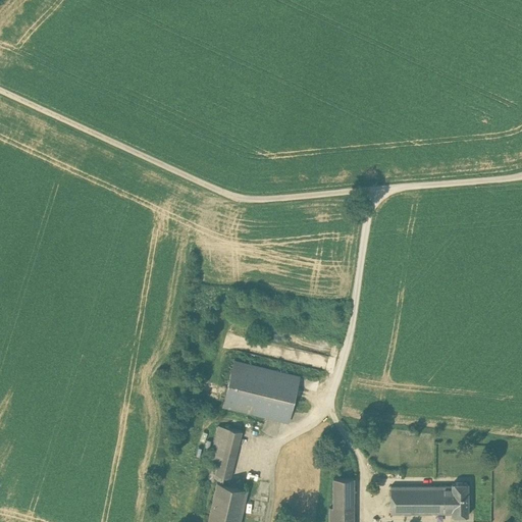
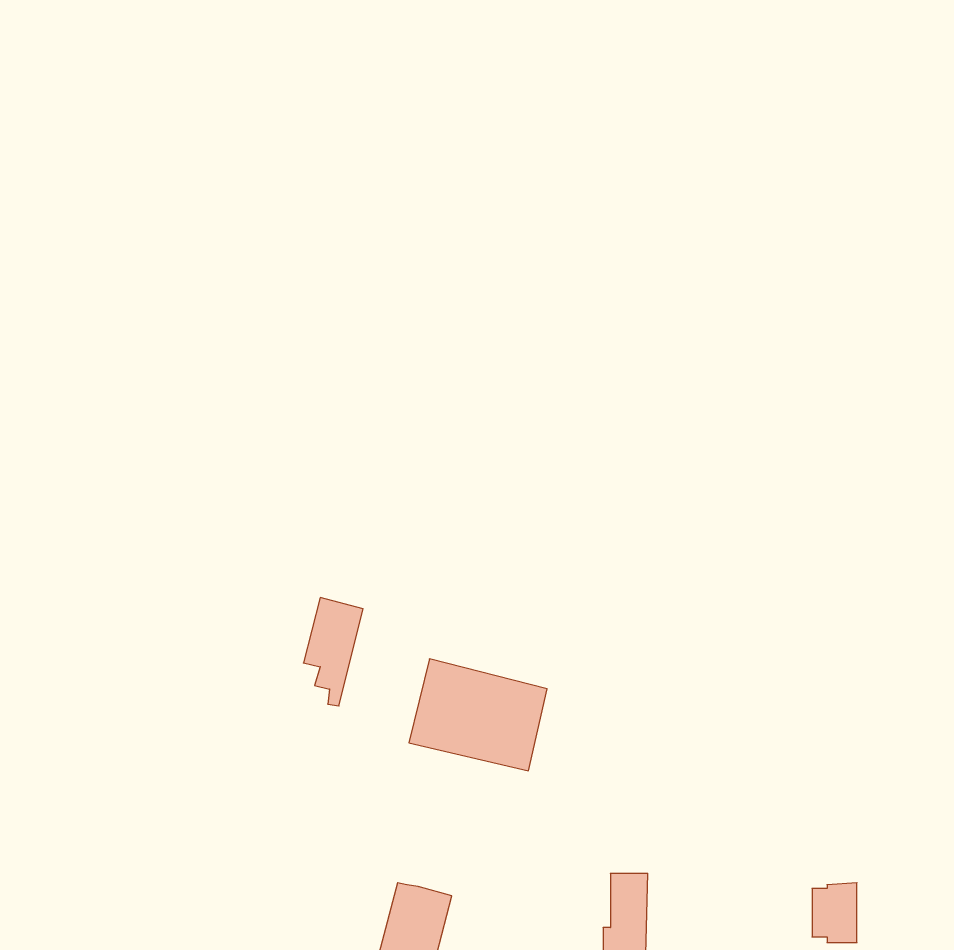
building: [209,427,242,486] -> [303,598,363,706]
building: [390,487,443,515] -> none

